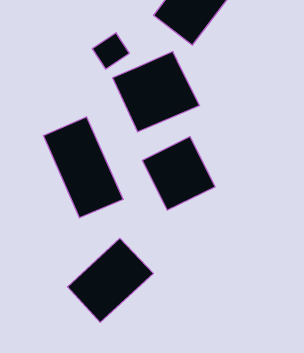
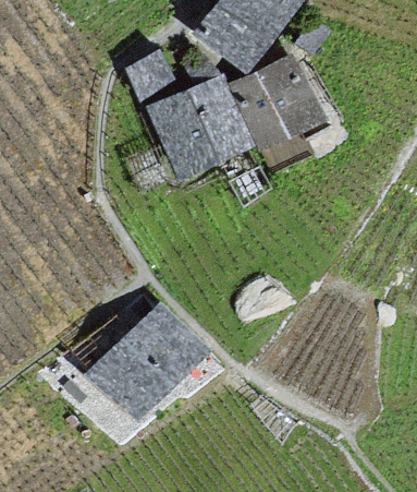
building: [43,117,123,218] -> none
building: [142,137,215,210] -> [230,58,319,148]

